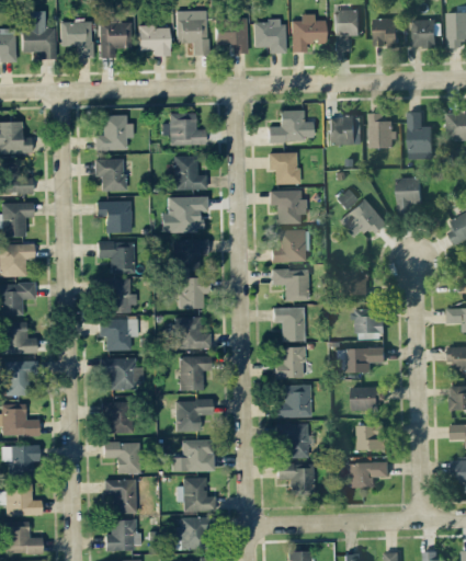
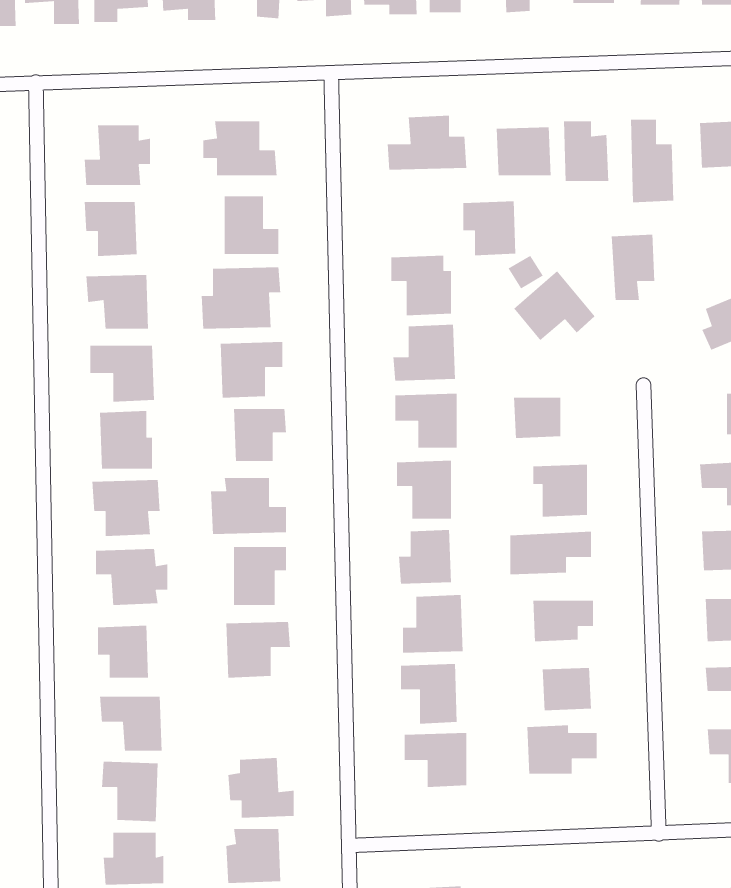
building: [269,152,299,184] -> [463,200,516,256]
building: [172,439,213,471] -> none

